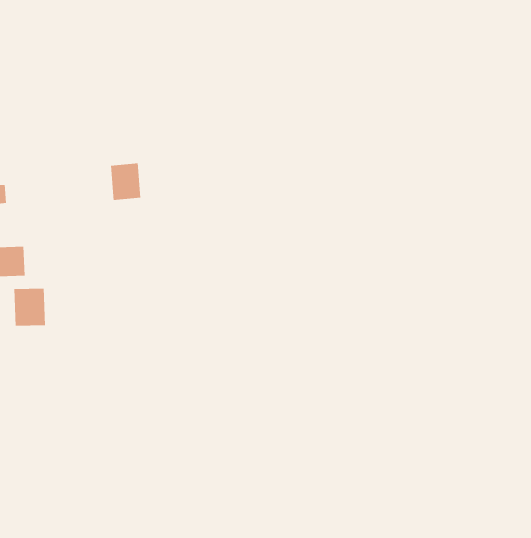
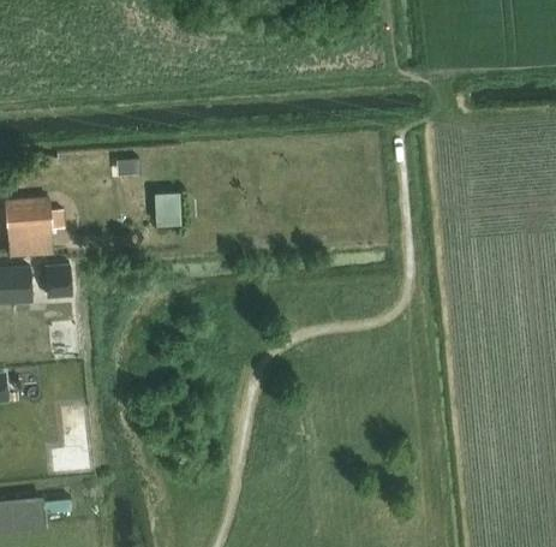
building: [14,288,46,326] -> none

